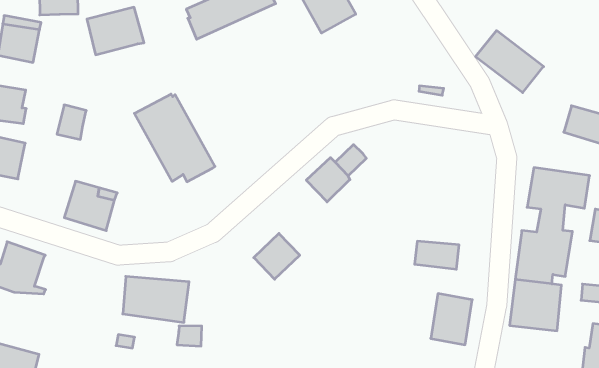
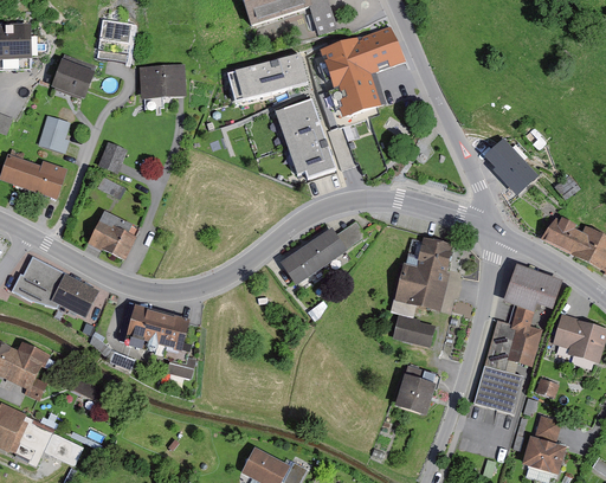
building: [134,94,215,182] -> [272,97,336,178]
building: none -> [398,237,456,308]
building: [254,233,300,279] -> [284,244,325,284]
building: none -> [52,273,98,316]

